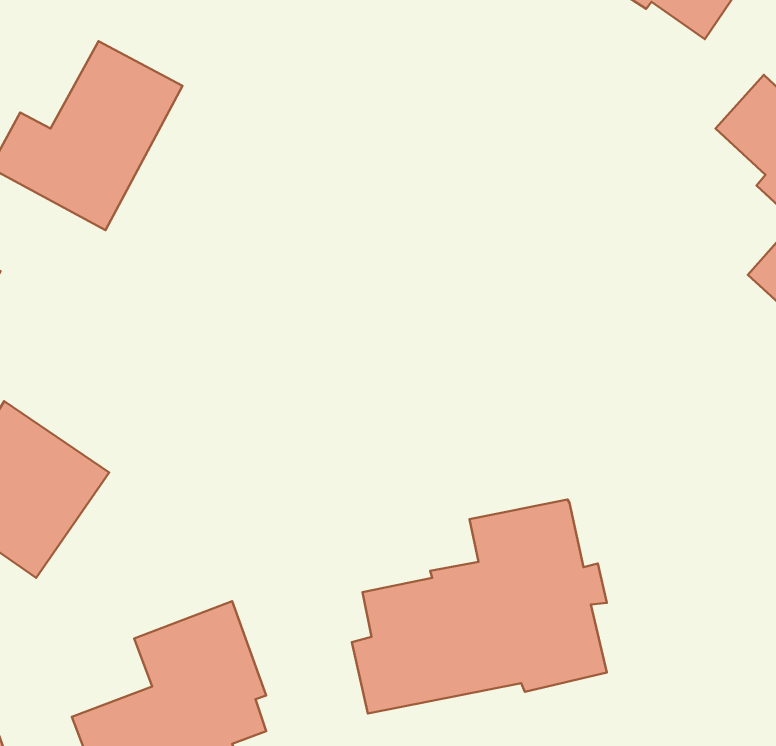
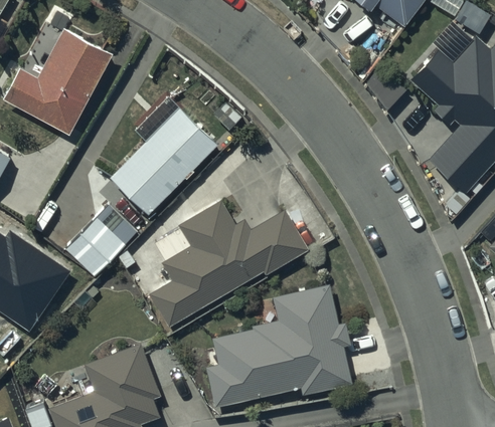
building: none -> [111,93,217,214]
building: none -> [150,200,308,326]
building: none -> [65,204,138,277]

